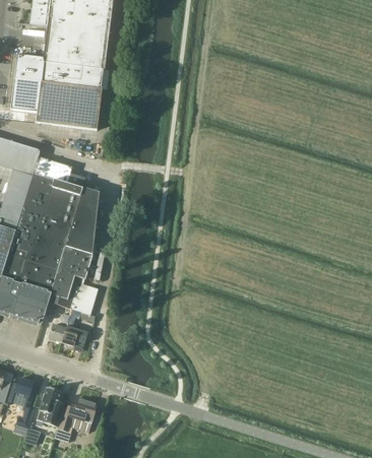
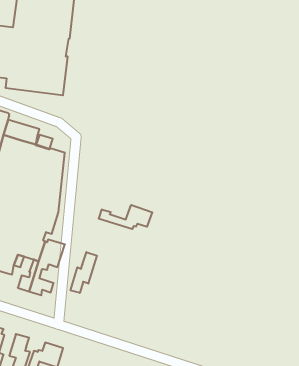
building: none -> [99,205,152,229]
building: none -> [71,252,97,293]

